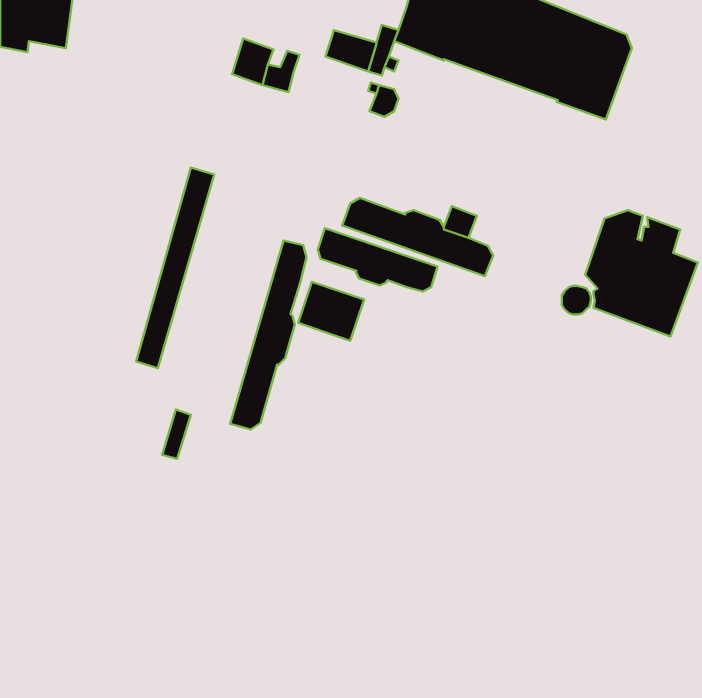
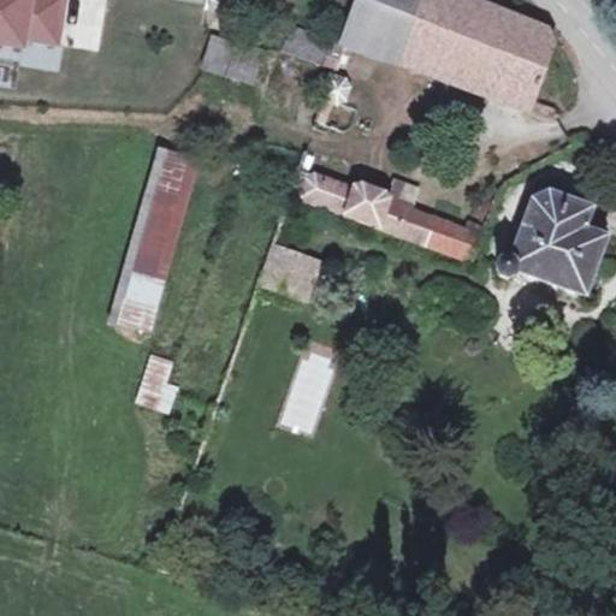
building: [318,228,437,291] -> none
building: [230,241,306,429] -> none
building: none -> [425,215,481,257]

